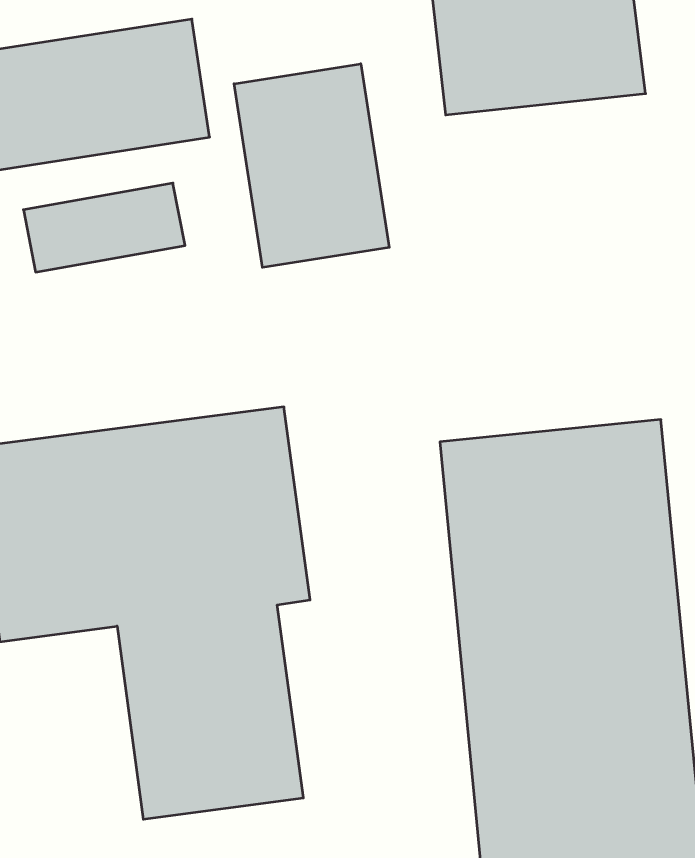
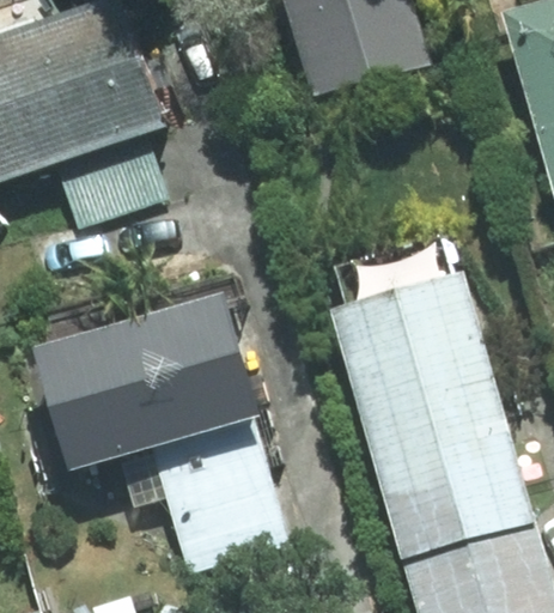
building: [234,64,389,267] -> none

